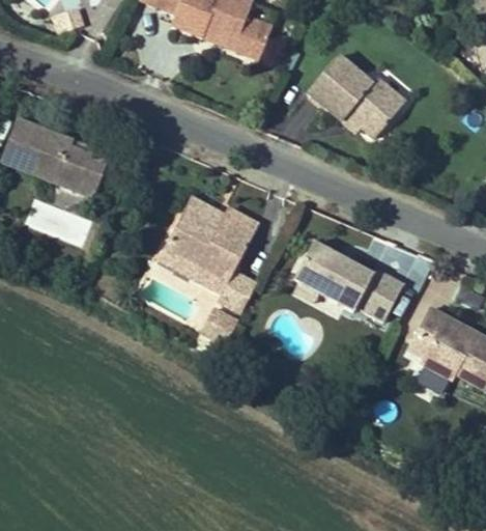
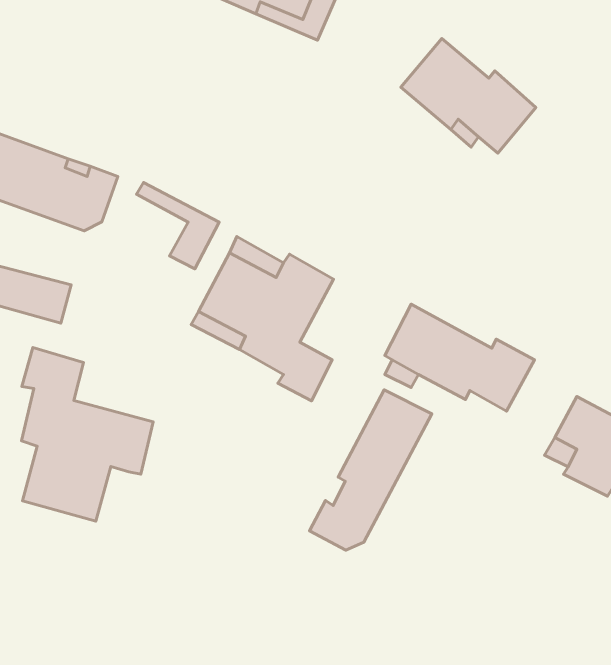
building: none -> [136,182,219,269]
building: none -> [21,348,153,521]
building: none -> [310,390,432,550]

